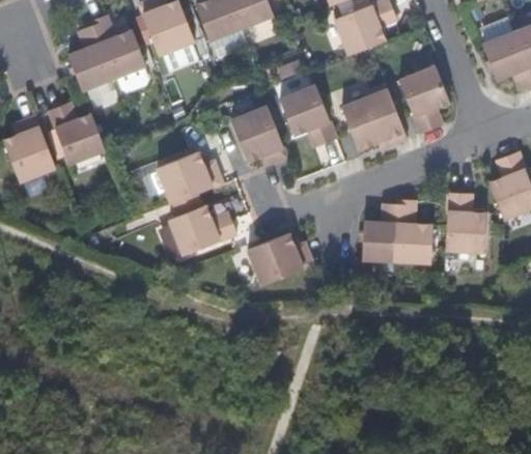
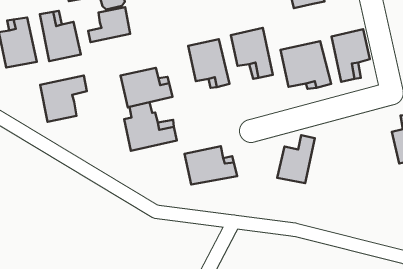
building: none -> [88,7,130,42]
building: none -> [40,75,87,122]
building: [444,194,484,253] -> none
building: [395,202,431,262] -> none

